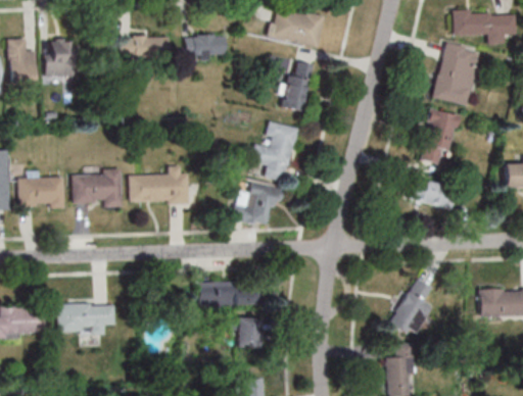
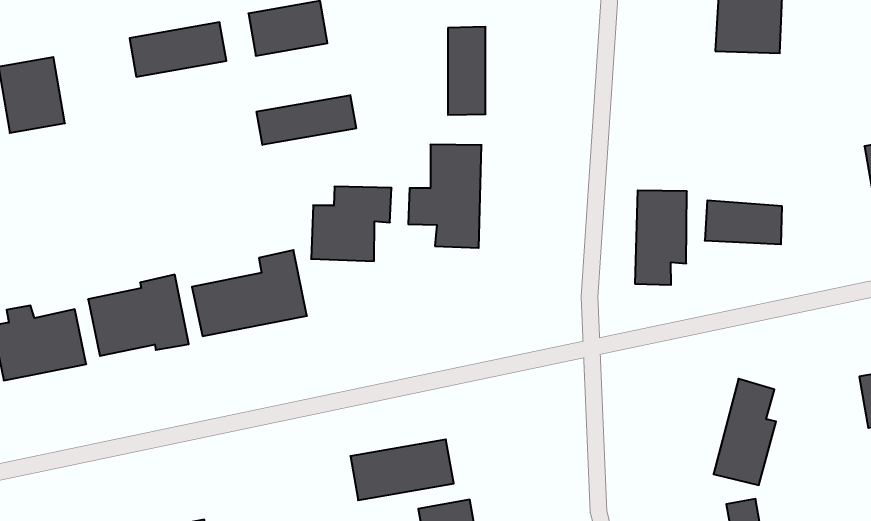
building: none -> [257,95,356,145]
building: [421,110,458,164] -> [635,190,687,285]
building: [232,183,282,227] -> [311,187,392,261]

